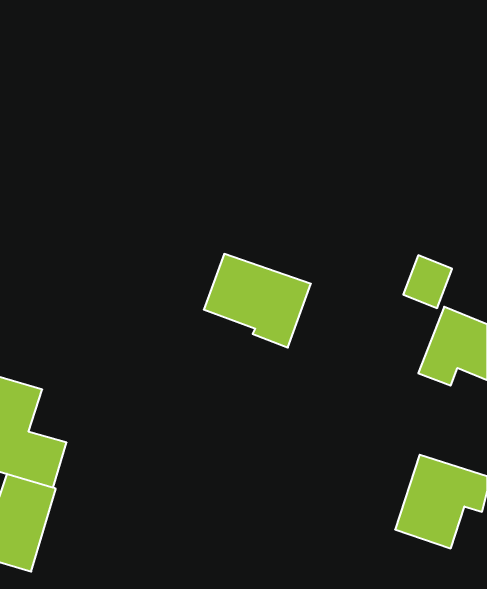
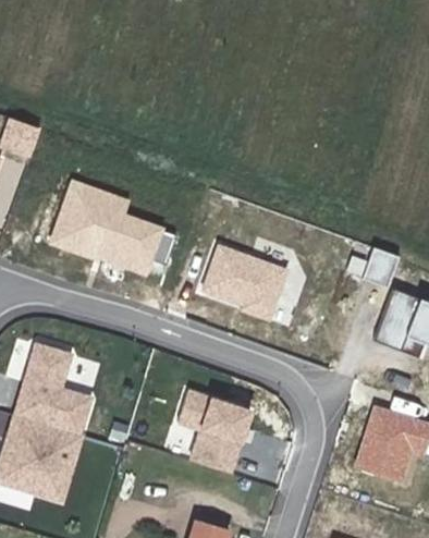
building: none -> [49,182,175,265]
building: none -> [176,388,252,470]

